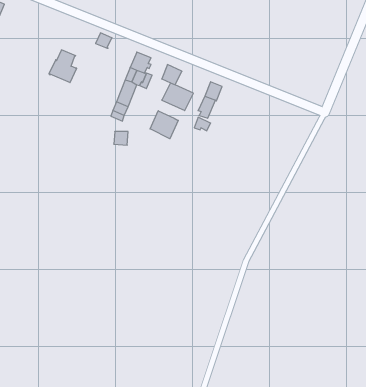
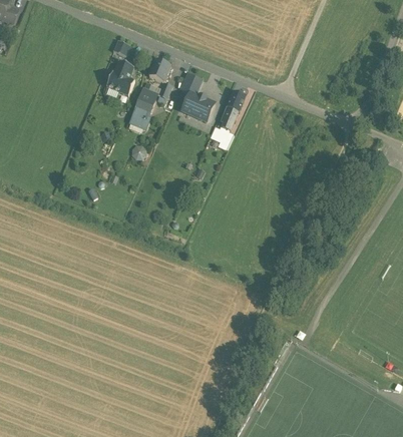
building: [49,50,77,83] -> [105,61,134,95]
building: [150,111,178,139] -> none

